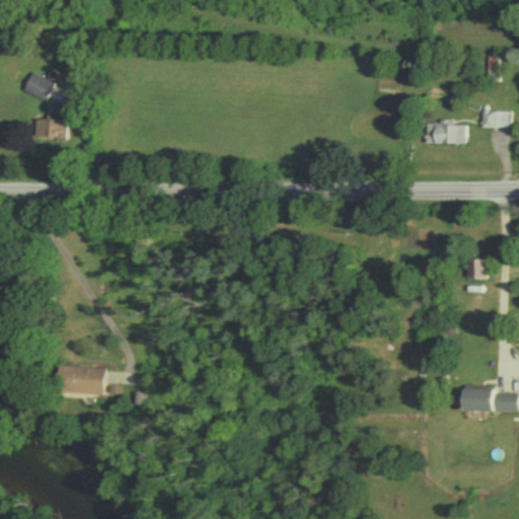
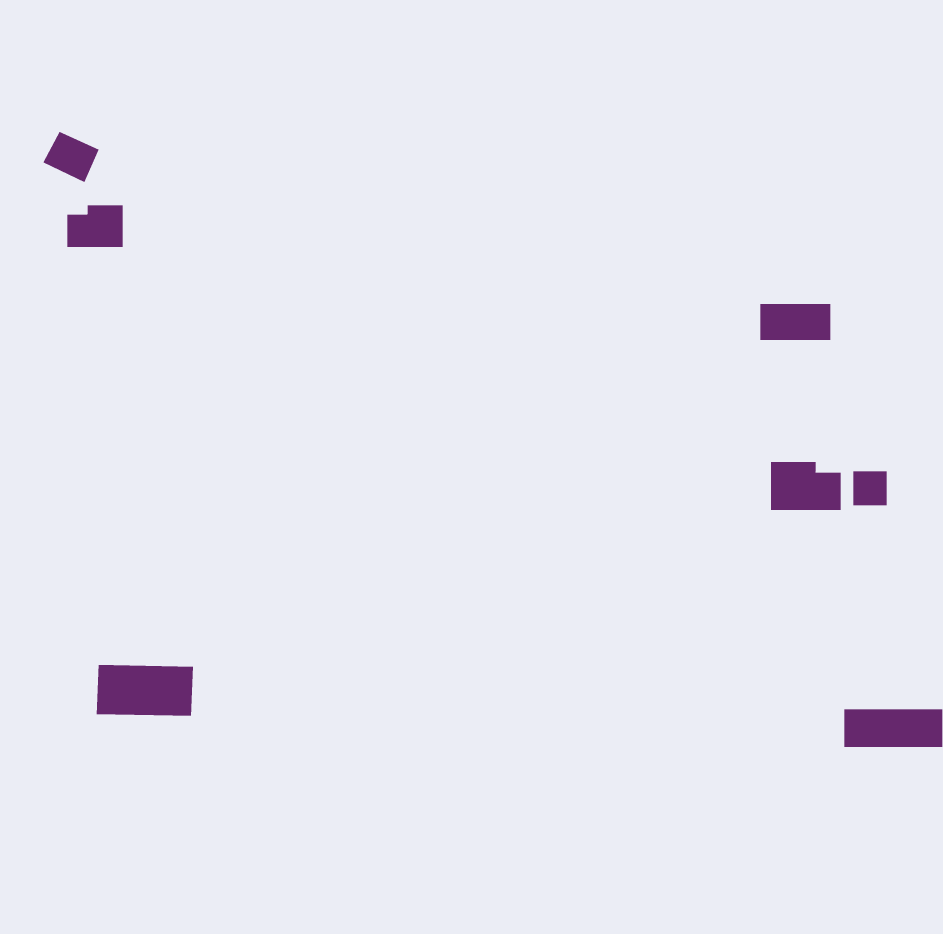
building: [483,109,510,127] -> none
building: [427,123,466,143] -> [759,304,831,340]
building: none -> [771,461,841,511]

